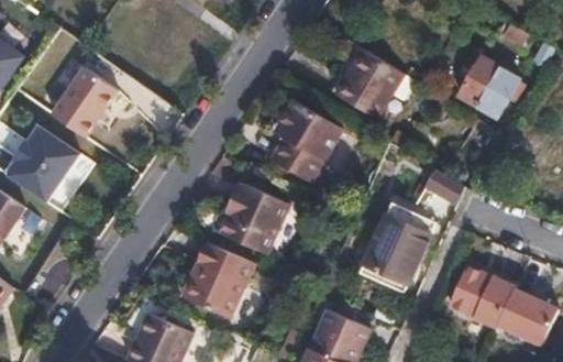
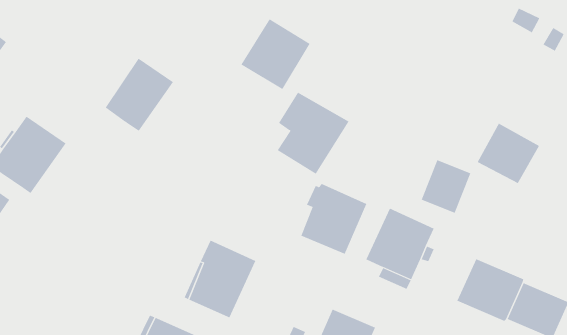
building: [339,52,406,120] -> [240,19,311,90]
building: [455,56,516,114] -> [477,123,540,184]
building: [49,66,115,136] -> [105,58,174,132]
building: [225,187,289,255] -> [300,183,367,254]

